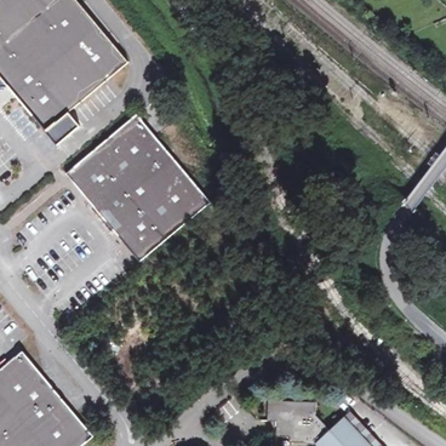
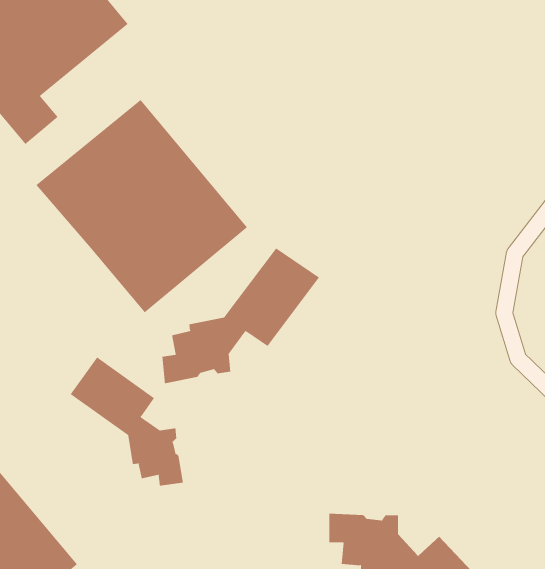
building: none -> [162,247,320,384]
building: none -> [70,356,184,487]

